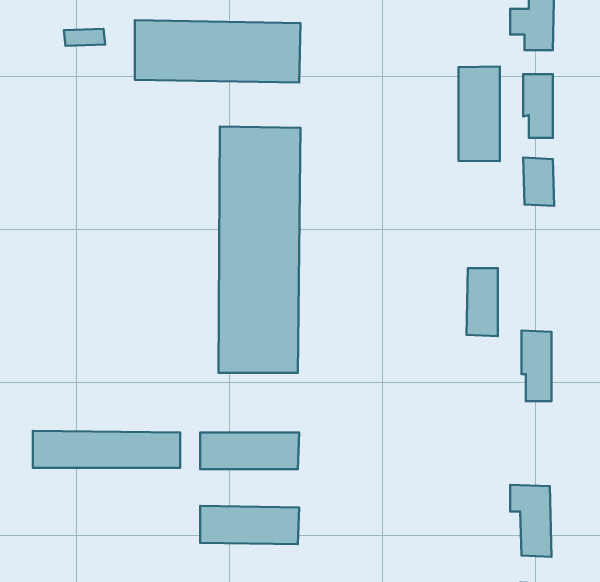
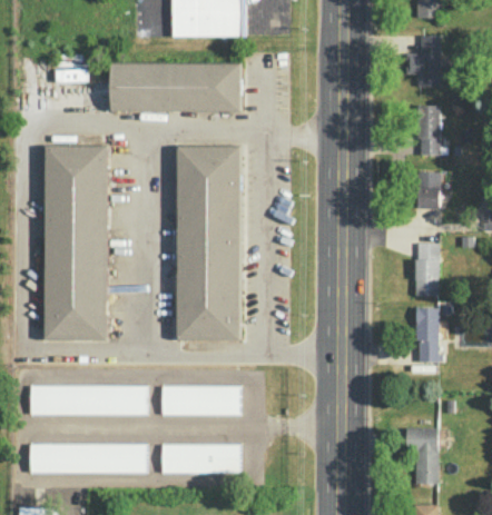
building: [459,66,500,161] -> none
building: none -> [46,146,108,339]
building: [467,268,498,336] -> [414,242,439,296]
building: none -> [30,444,147,473]

